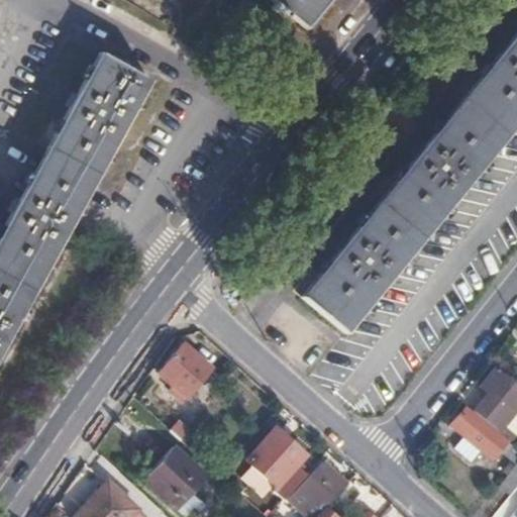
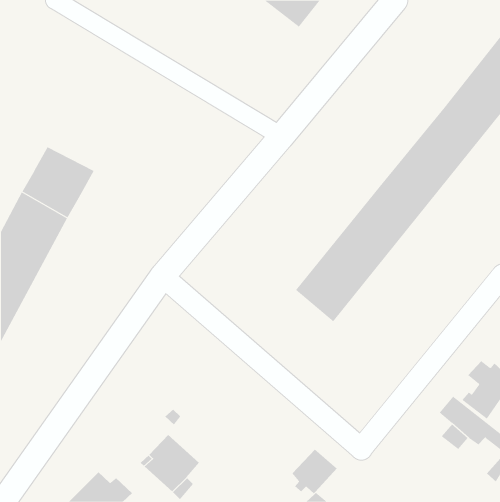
building: [51,55,151,176] -> none
building: [162,342,212,398] -> none
building: [249,427,308,498] -> none

